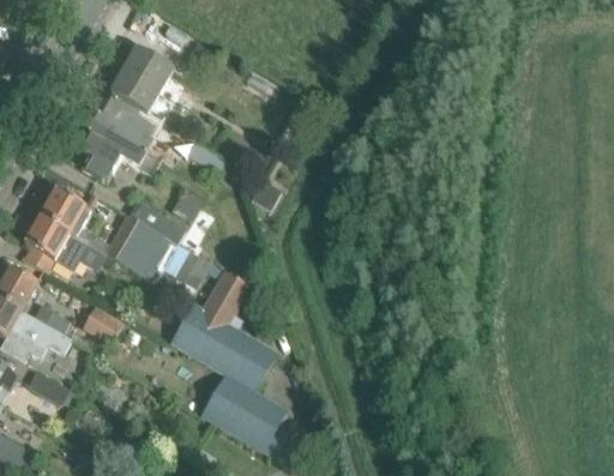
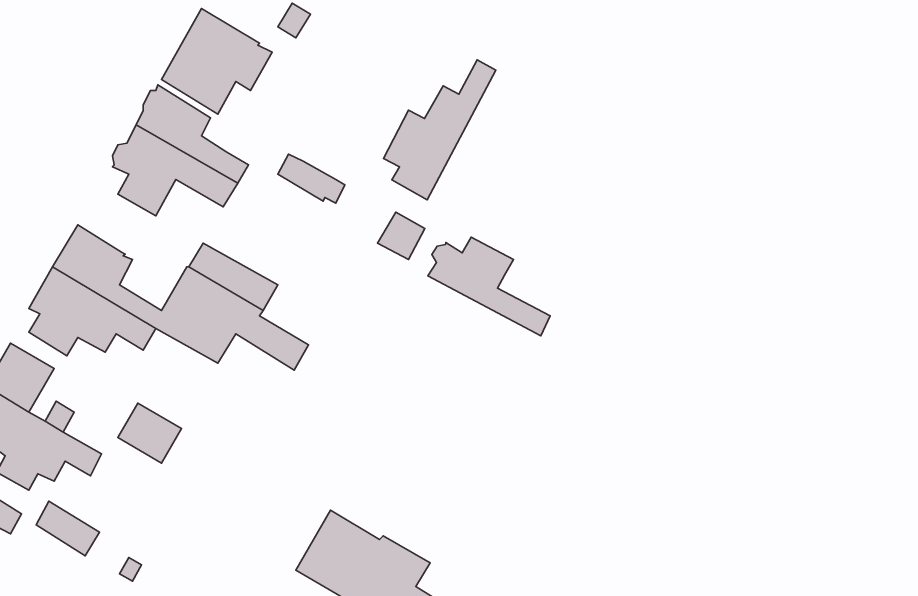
building: none -> [383,60,496,200]
building: none -> [428,237,550,336]
building: [168,263,279,394] -> none

